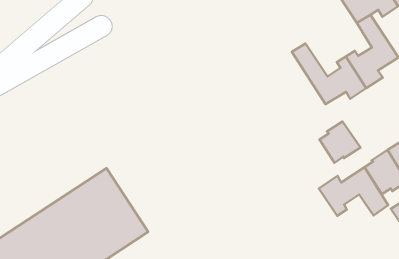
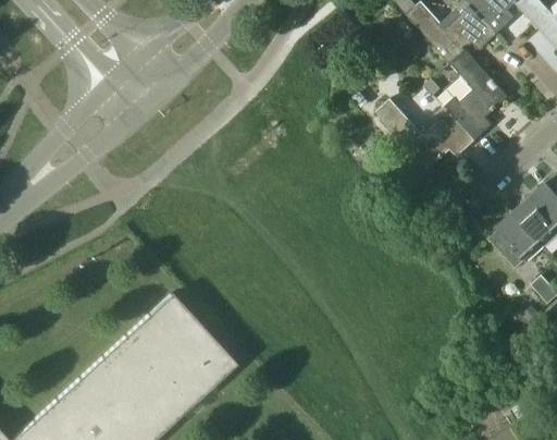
building: [320,121,361,163] -> none
building: [319,167,388,216] -> none

